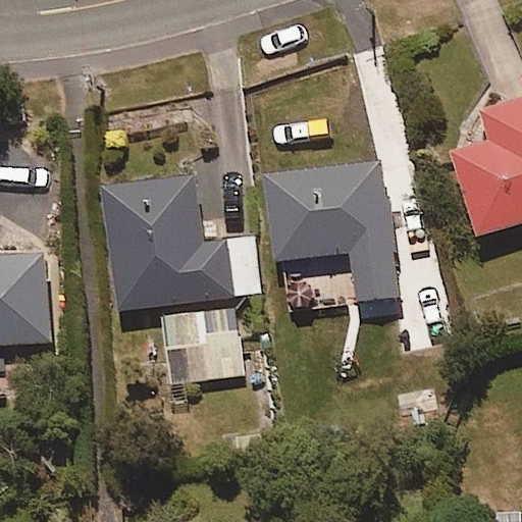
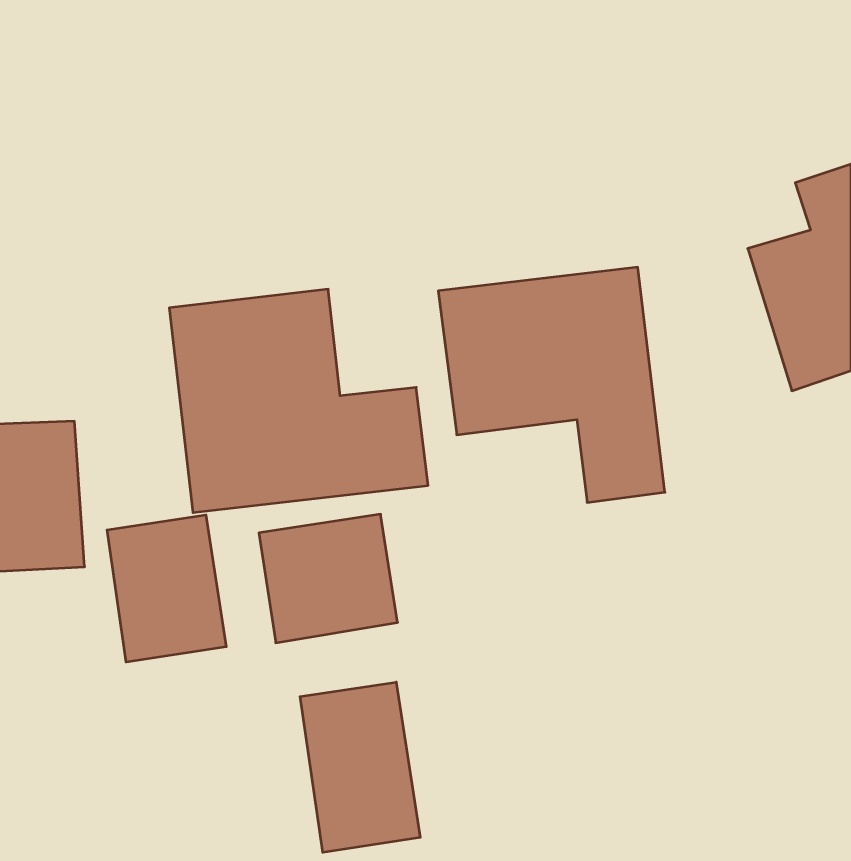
building: none -> [107,515,226,662]
building: none -> [300,682,420,852]

